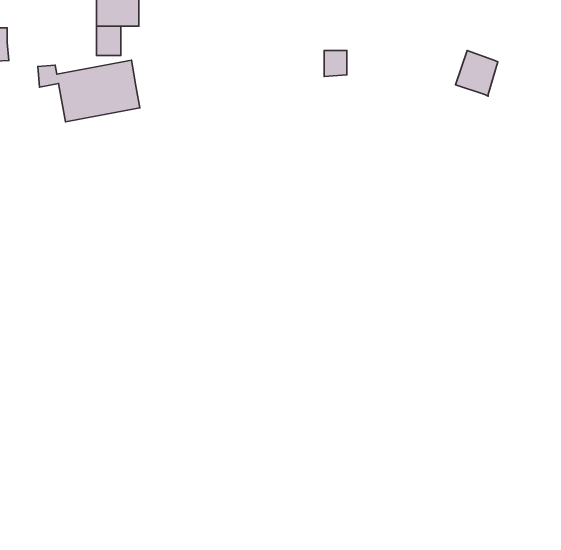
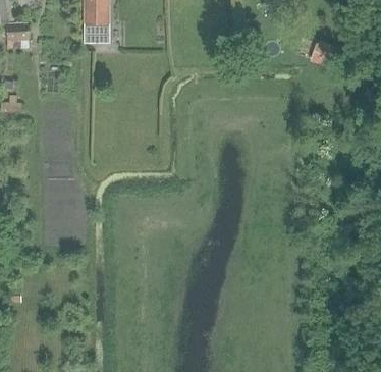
building: [38,60,140,122] -> none

